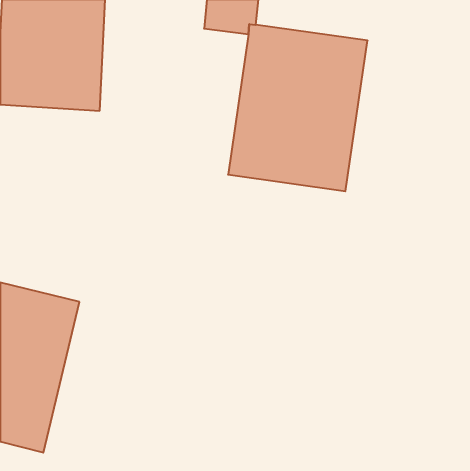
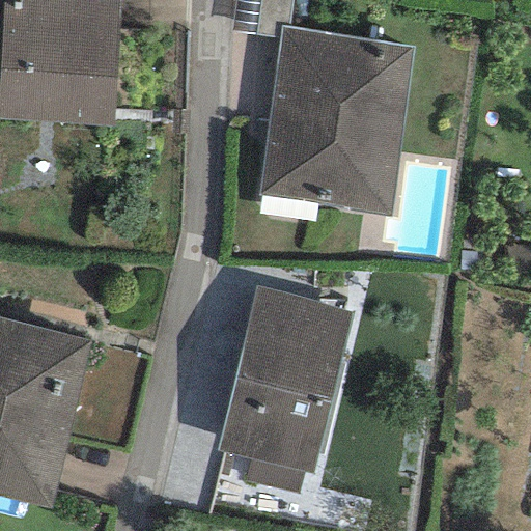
building: none -> [216,286,354,494]

